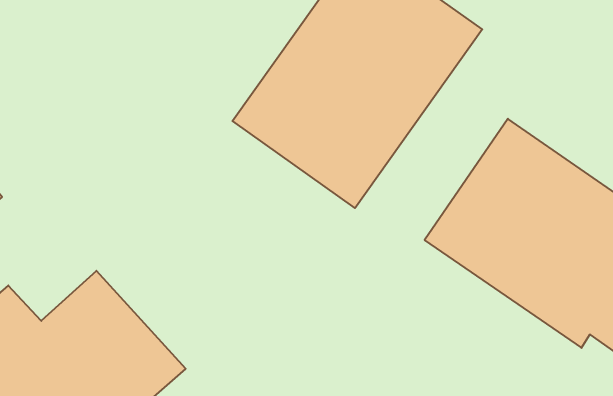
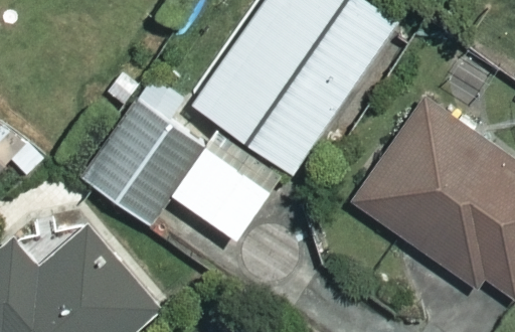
building: none -> [84,101,272,240]

